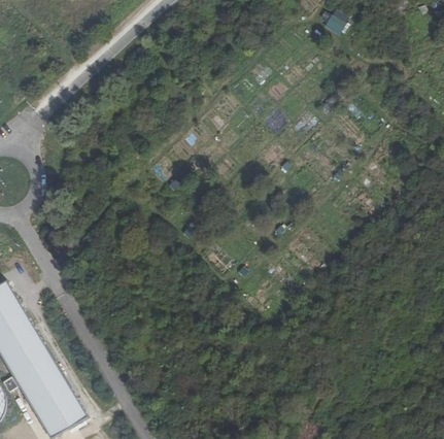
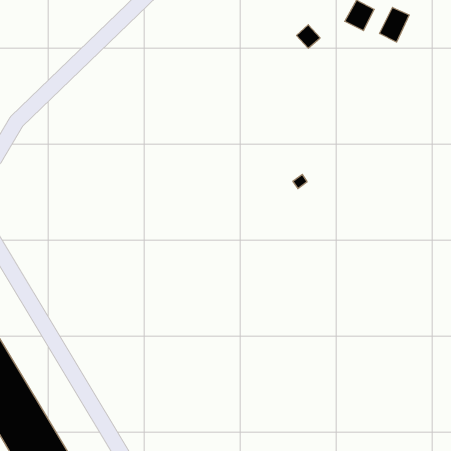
building: none -> [380,7,409,42]

